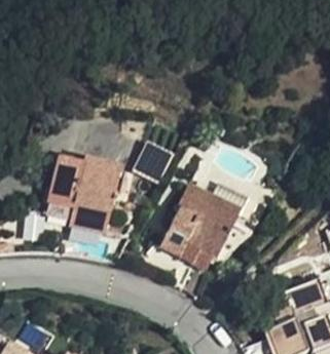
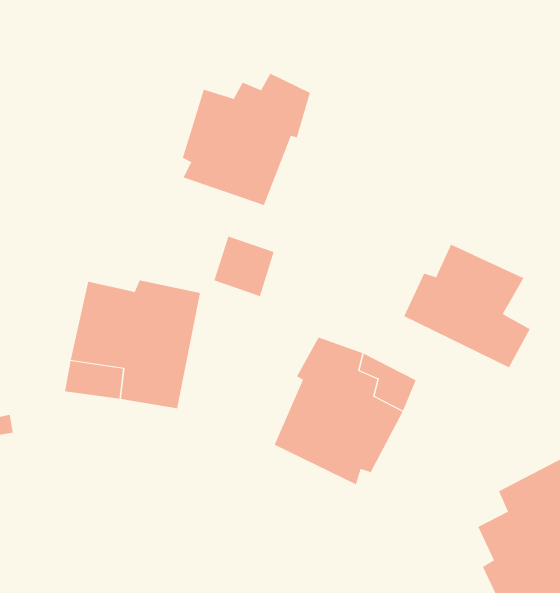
building: none -> [182,73,310,206]
building: none -> [404,244,530,368]

